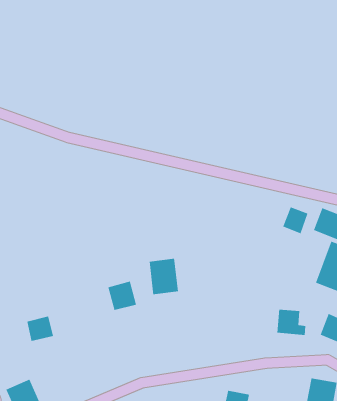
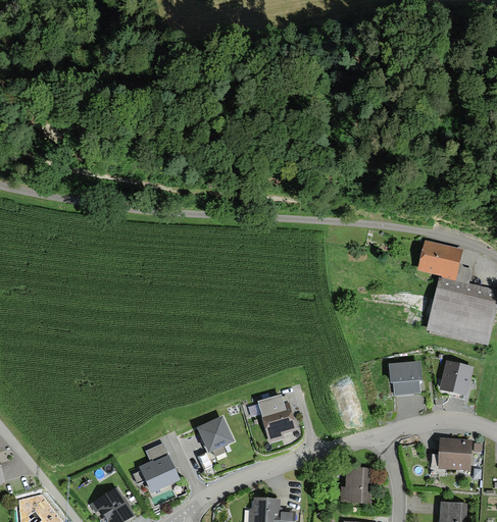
building: [283,206,308,234] -> none
building: [149,258,179,295] -> [257,395,297,440]
building: [108,281,137,310] -> [196,416,233,453]
building: [27,316,54,342] -> [143,457,177,489]

